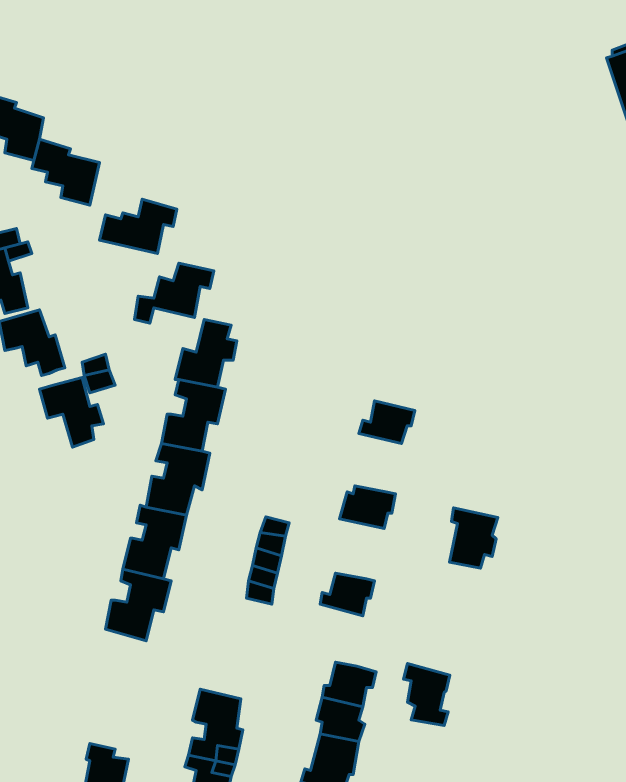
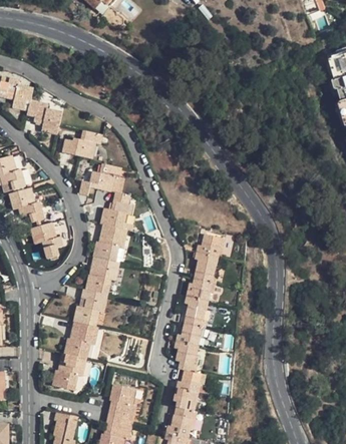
building: none -> [195,252,219,282]
building: [450,508,498,568] -> [185,296,210,327]
building: none -> [53,353,86,390]
building: [404,664,450,726] -> [175,340,199,372]

